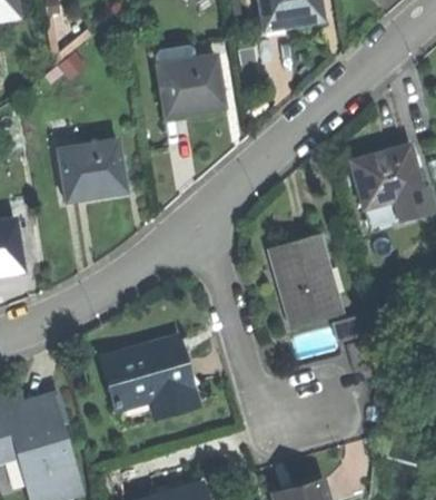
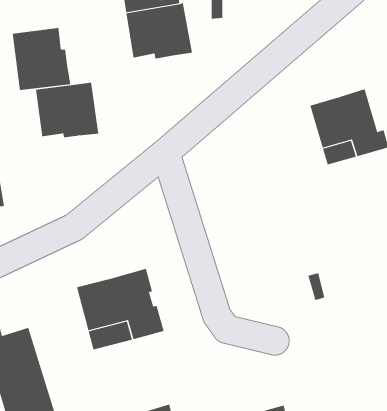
building: none -> [12,27,71,91]
building: [267,234,339,324] -> none

